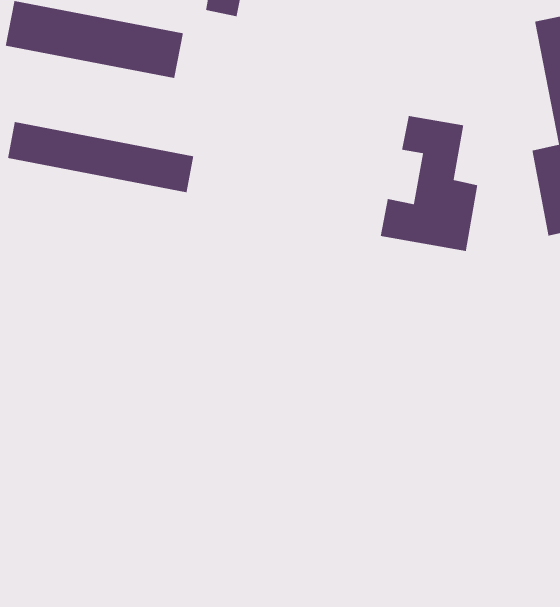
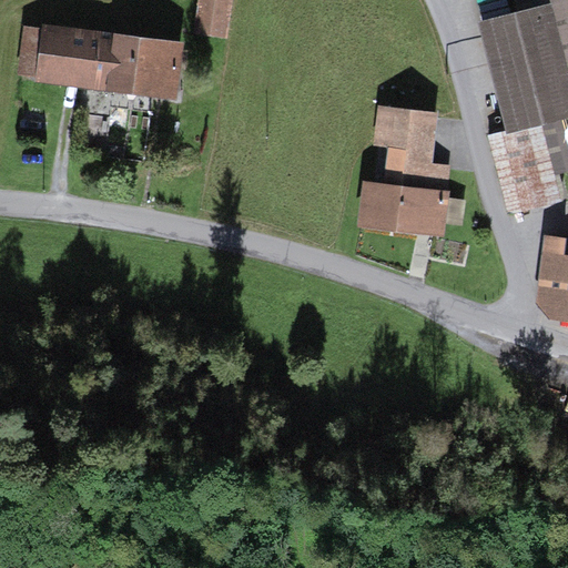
building: [7,121,194,193] -> none

